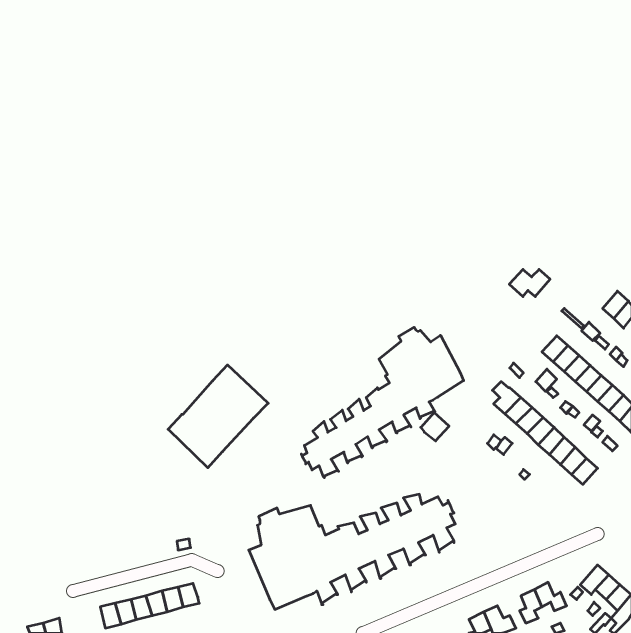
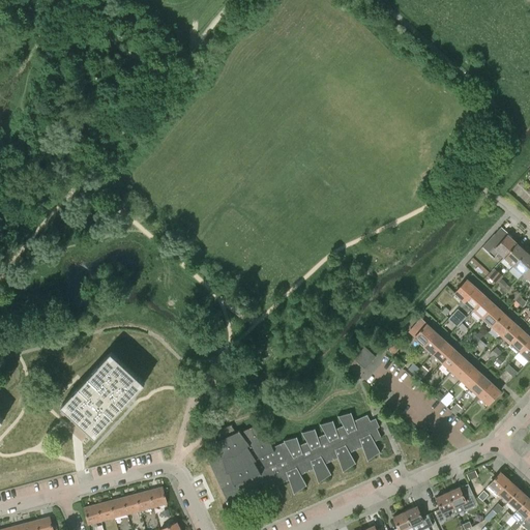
building: [509,269,550,297] -> [483,235,518,258]
building: [301,327,464,478] -> none
building: [168,365,268,468] -> [61,351,145,437]

